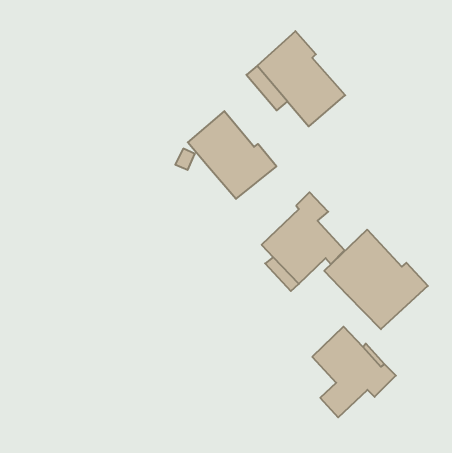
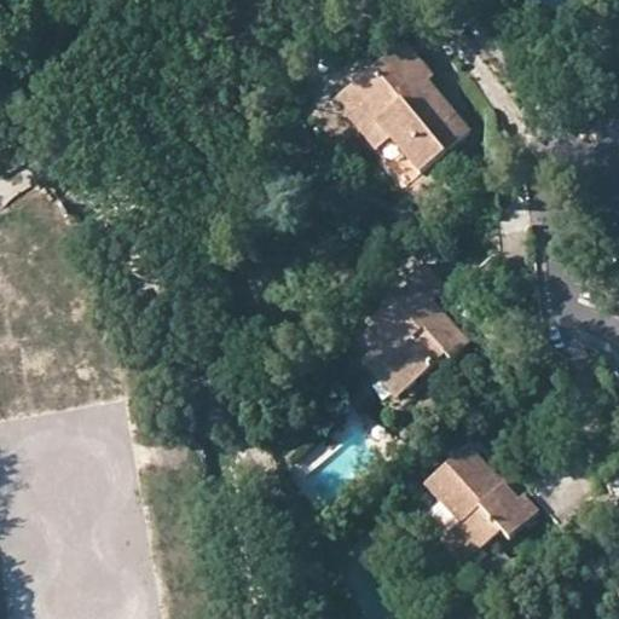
building: [188,111,276,199] -> none
building: [324,230,428,329] -> none

